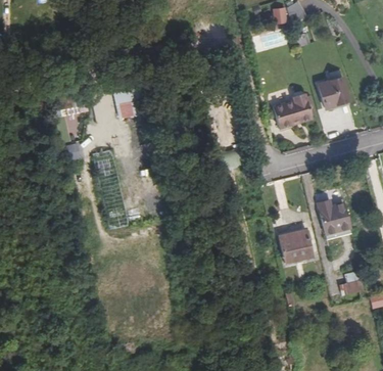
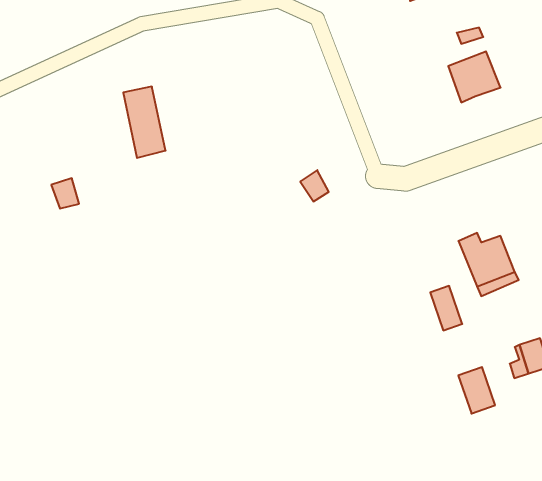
building: [272,93,312,130] -> none
building: [281,233,302,262] -> [458,367,495,414]

